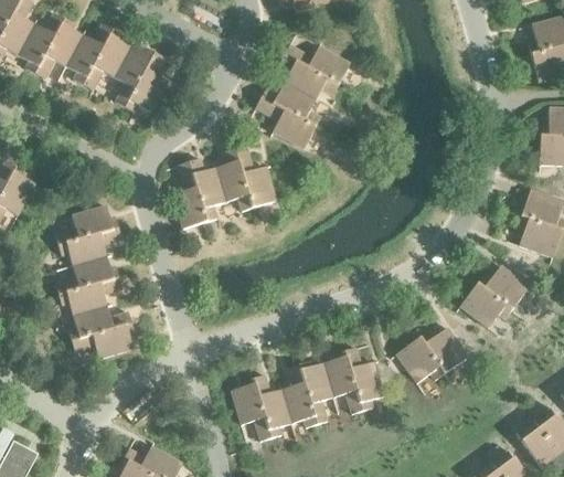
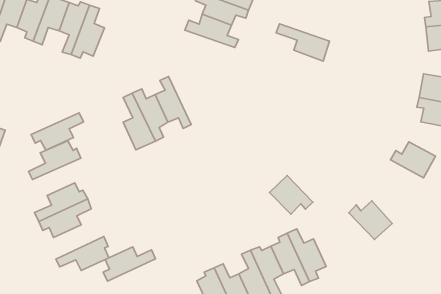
building: [255,97,316,148] -> [276,24,330,61]
building: [234,144,276,208] -> none
building: [58,227,121,265] -> [31,113,83,150]
building: [460,283,512,327] -> none
building: [68,305,131,340] -> [103,247,156,281]
building: [396,337,445,382] -> [270,175,313,214]

